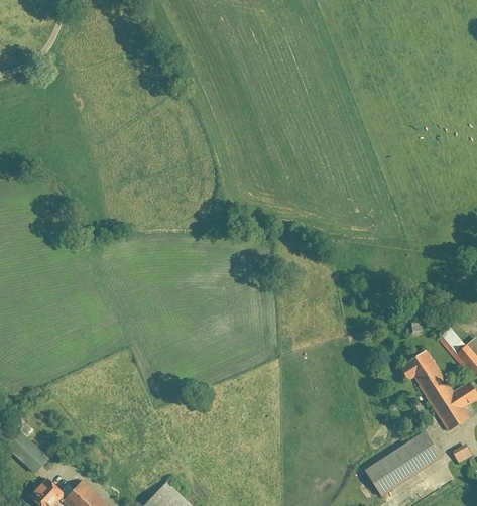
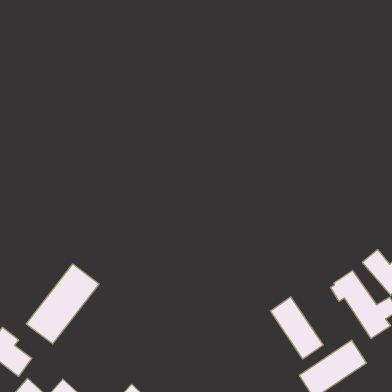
building: none -> [26,264,99,344]
building: none -> [270,297,323,359]

